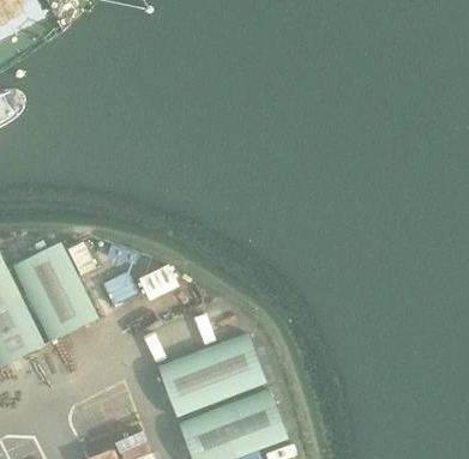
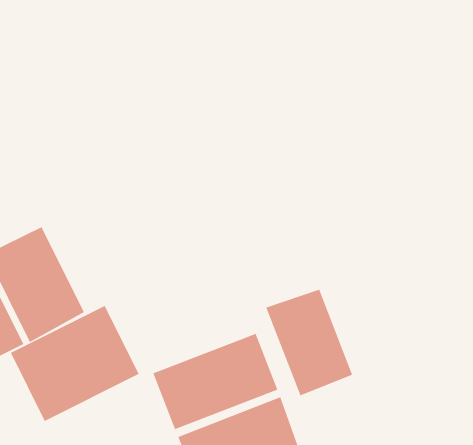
building: none -> [266,289,353,396]
building: none -> [10,305,139,422]

